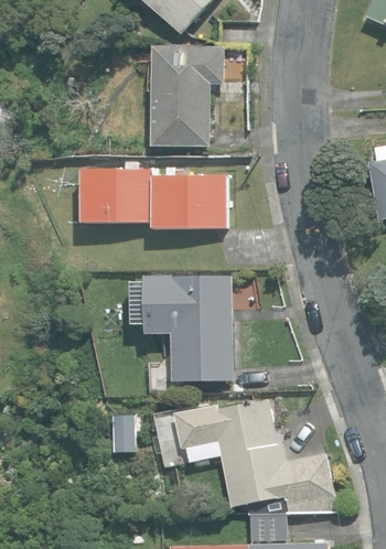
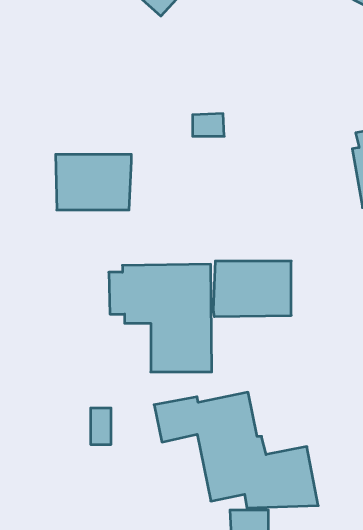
building: [151,47,223,147] -> none
building: [151,175,227,229] -> [213,261,291,317]

